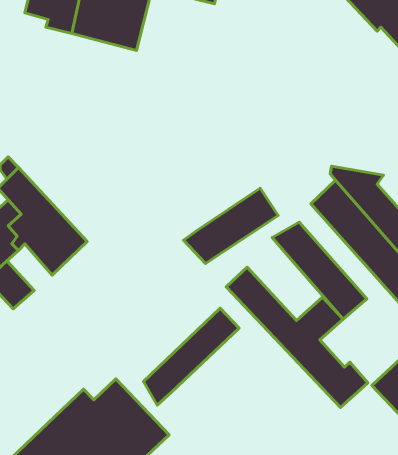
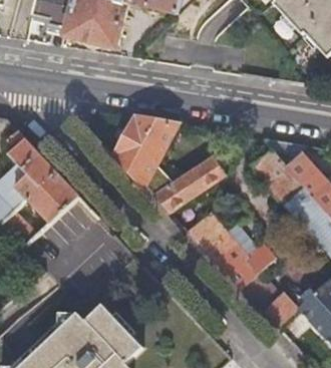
building: none -> [114,115,178,196]
building: [272,222,367,319] -> none
building: [144,308,239,405] -> none

